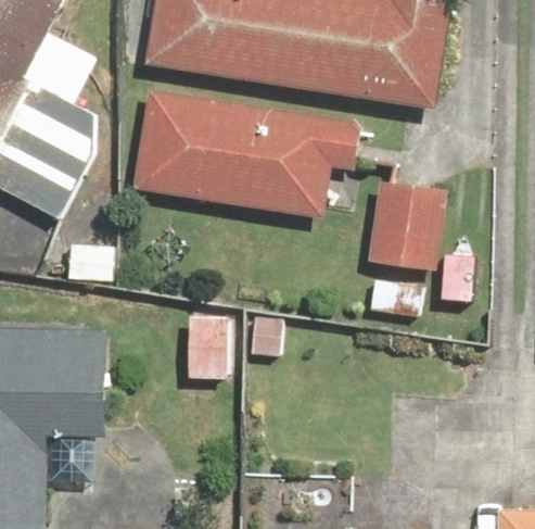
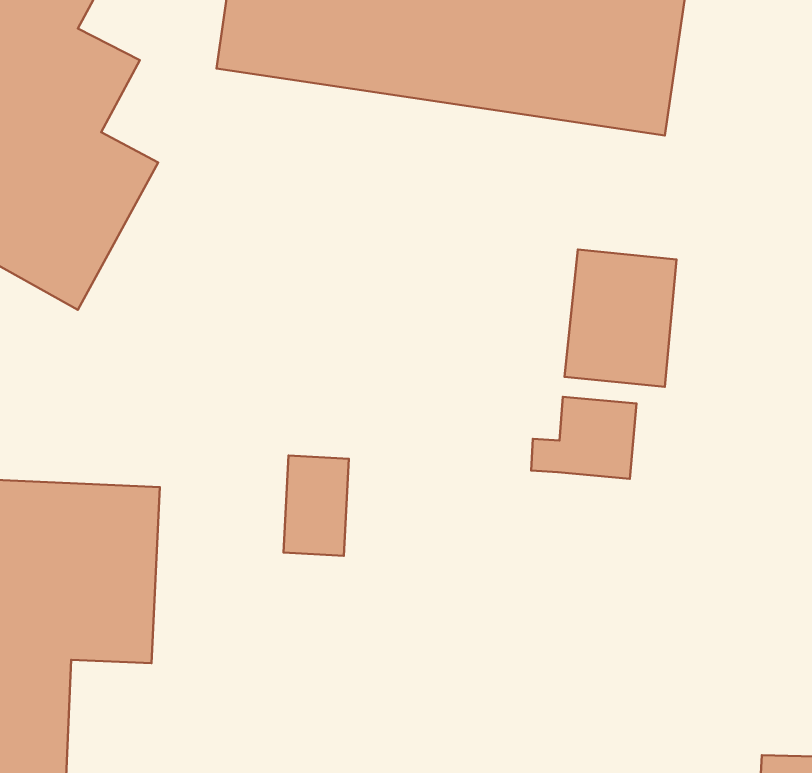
building: [132,90,355,215] -> none

